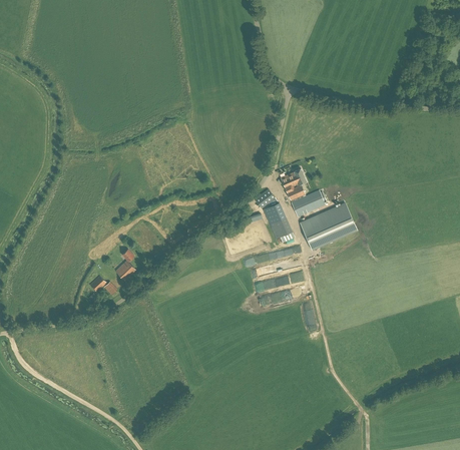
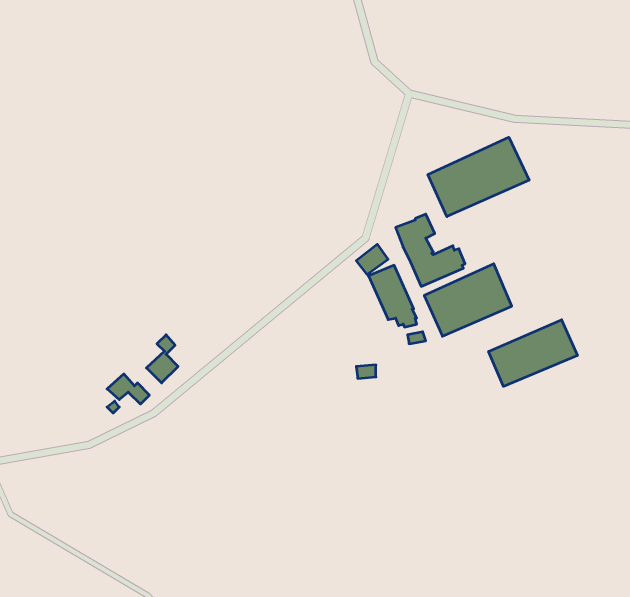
building: none -> [428,137,529,217]
building: none -> [489,320,577,386]

